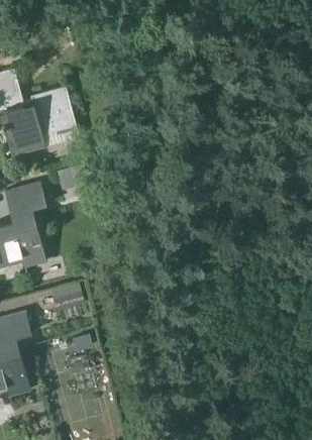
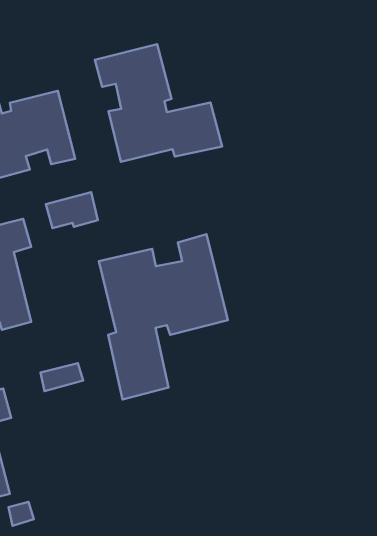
building: none -> [95,44,222,162]
building: none -> [99,234,228,400]

